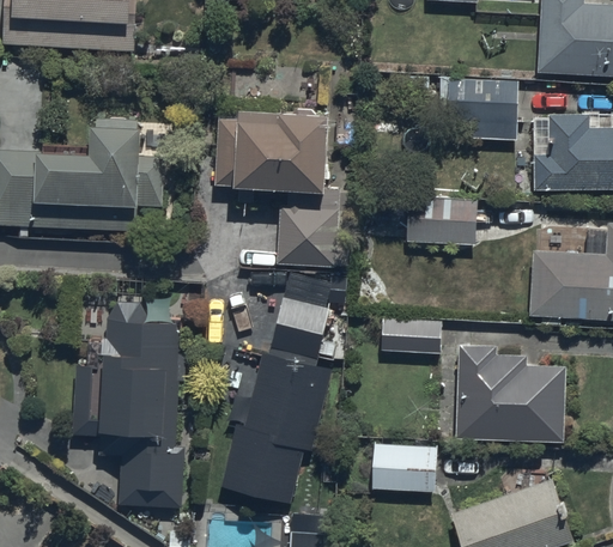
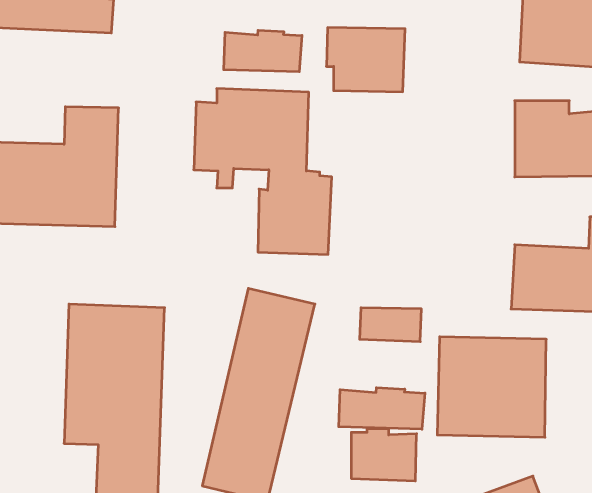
building: none -> [224,30,302,72]
building: [439,74,517,138] -> [326,28,405,92]
building: [407,194,475,241] -> none
building: none -> [339,388,425,429]

